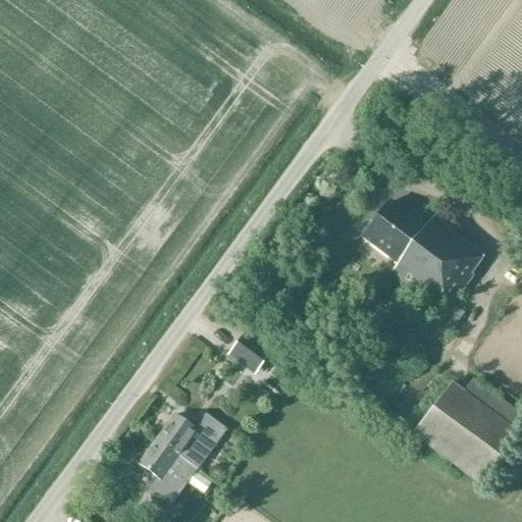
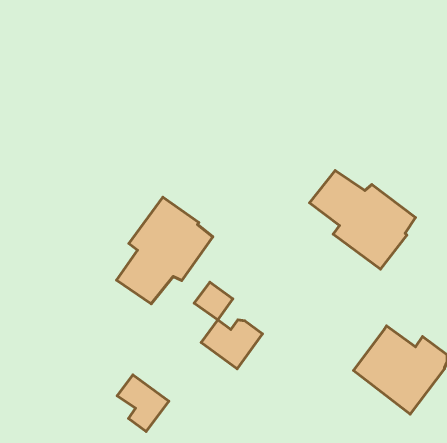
building: none -> [117,197,213,304]
building: [155,411,226,468] -> [201,320,262,369]

